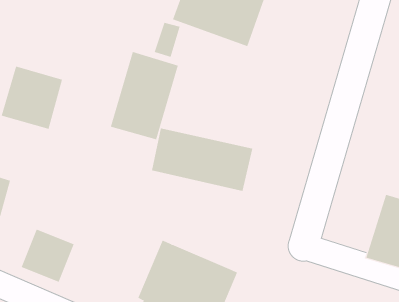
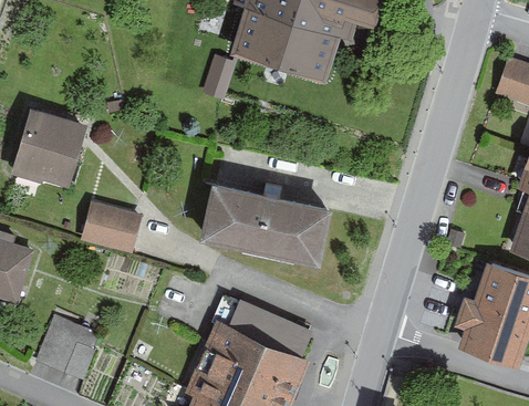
building: [110,51,179,140] -> none
building: none -> [82,205,141,254]
building: none -> [226,301,310,360]

